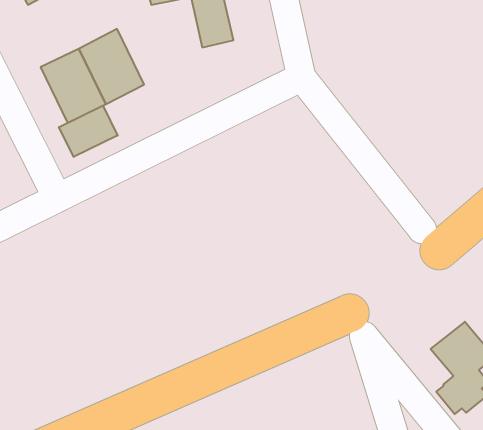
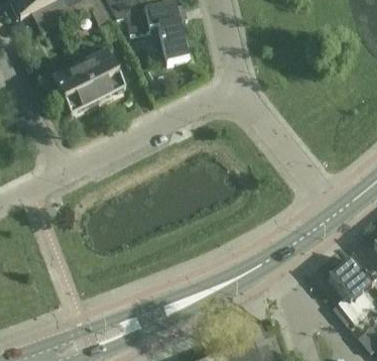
building: [59,106,118,157] -> none

